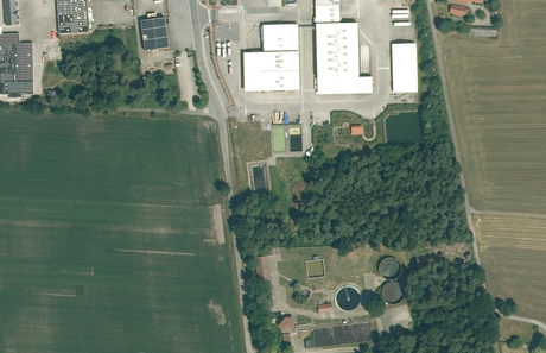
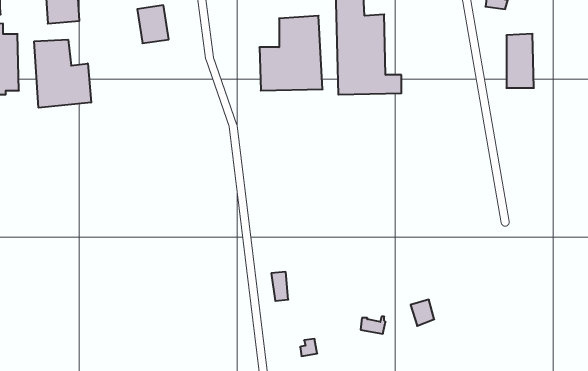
building: [394,42,419,90] -> [506,34,534,88]
building: none -> [34,40,91,108]

